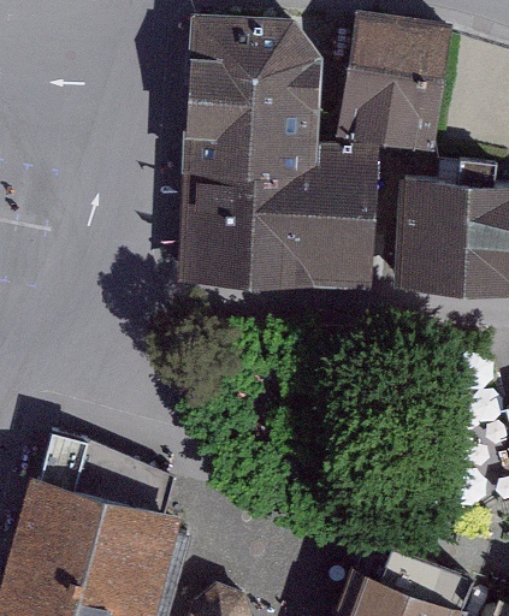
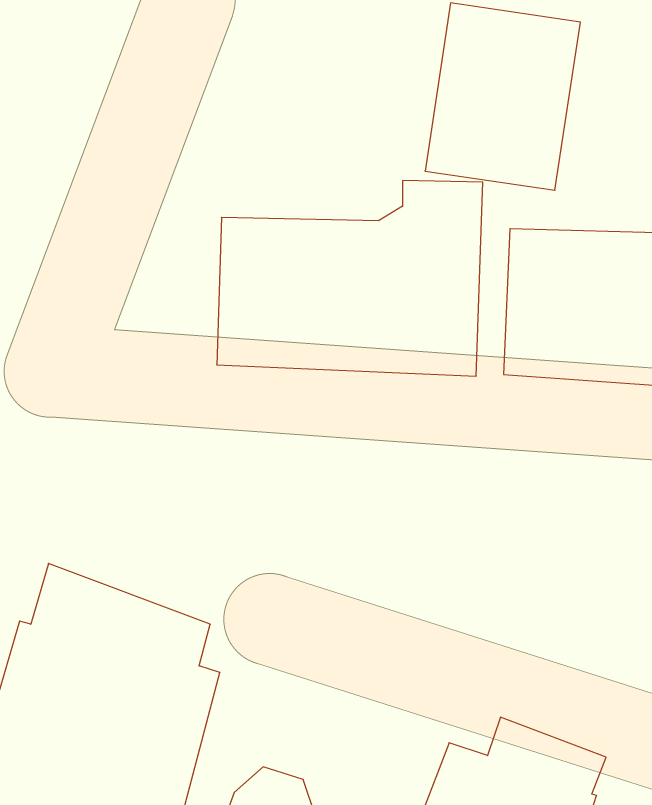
building: [180,23,322,176] -> none

